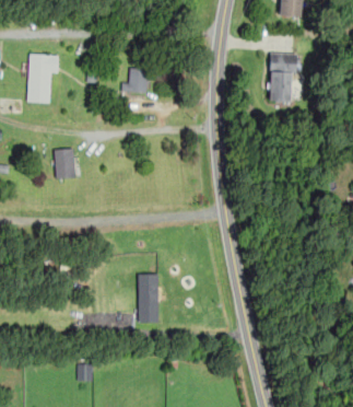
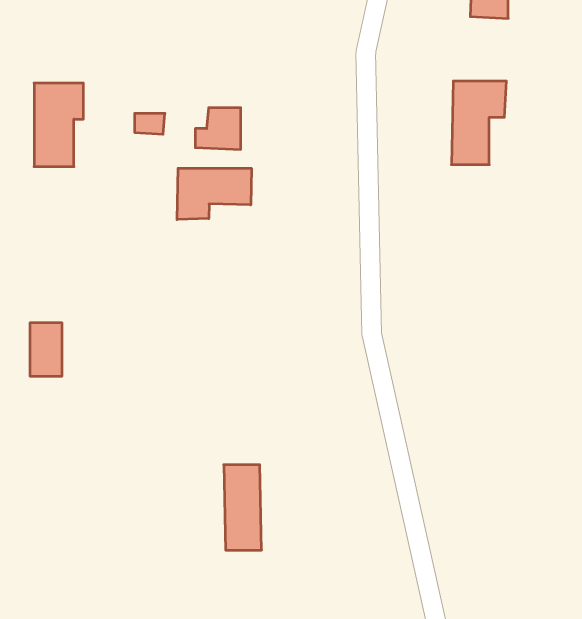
building: none -> [177,168,251,220]
building: [56,149,74,179] -> [30,323,62,376]

